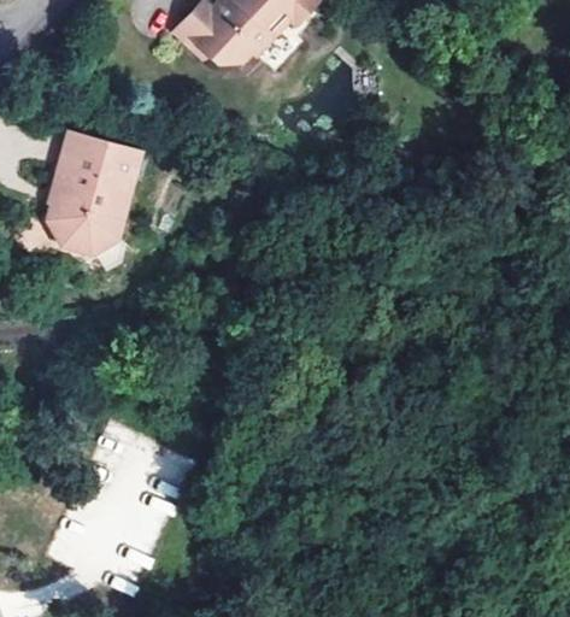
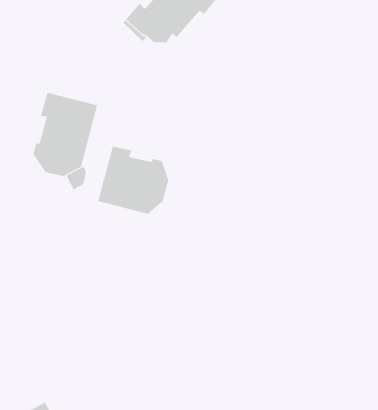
building: none -> [98,146,169,215]

